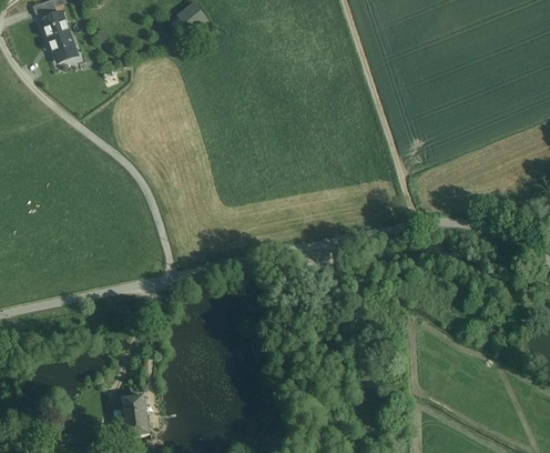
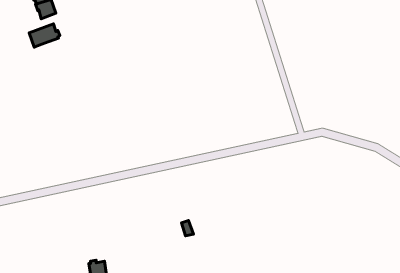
building: none -> [29,24,60,47]

